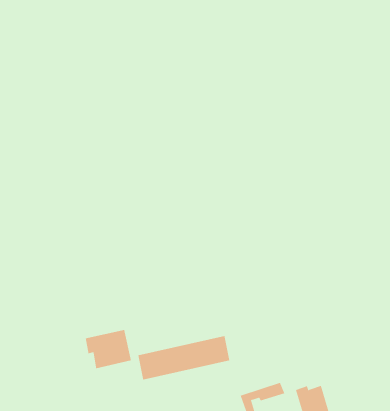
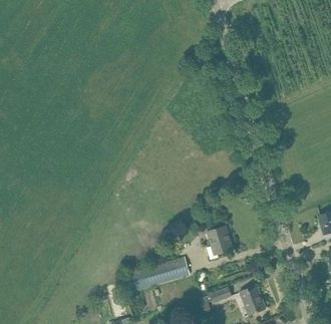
building: none -> [206,226,232,260]
building: [85,329,131,369] -> none

